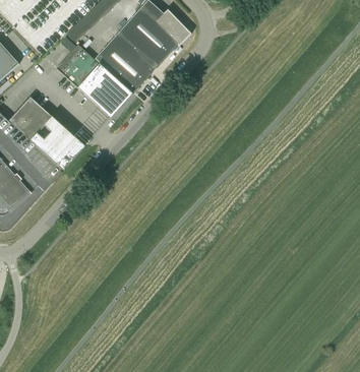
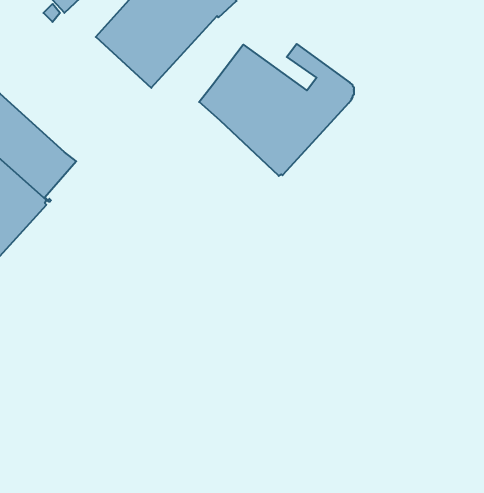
building: [55,44,132,114] -> none
building: none -> [199,44,354,176]

